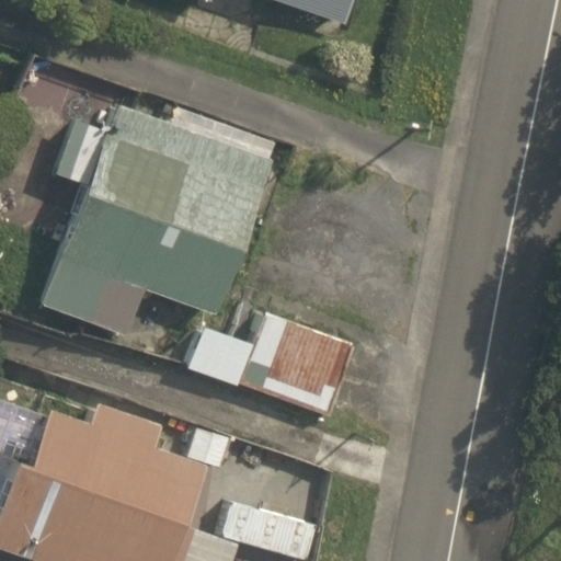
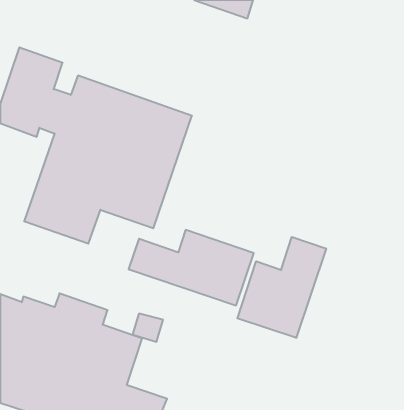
building: none -> [237,237,326,338]

